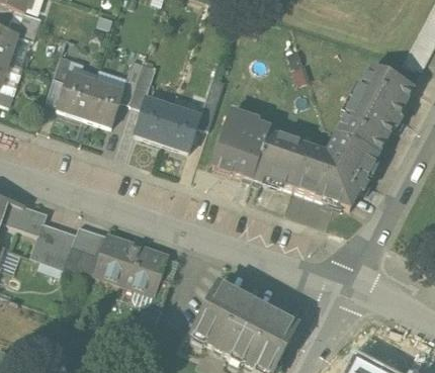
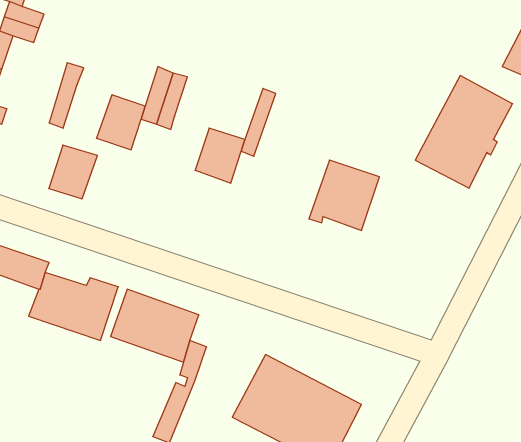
building: [59,72,97,114] -> [49,145,97,199]
building: [137,97,174,139] -> none
building: [213,110,270,178] -> none
building: [294,131,379,207] -> none

